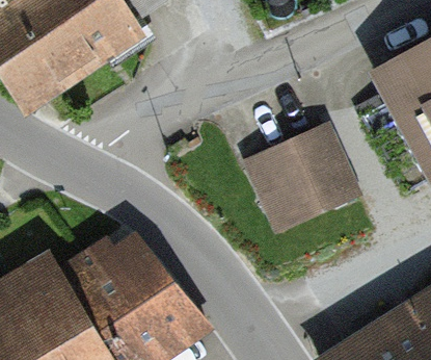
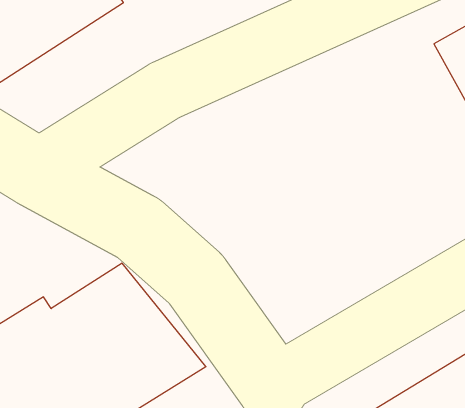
building: [242,123,362,234] -> none

